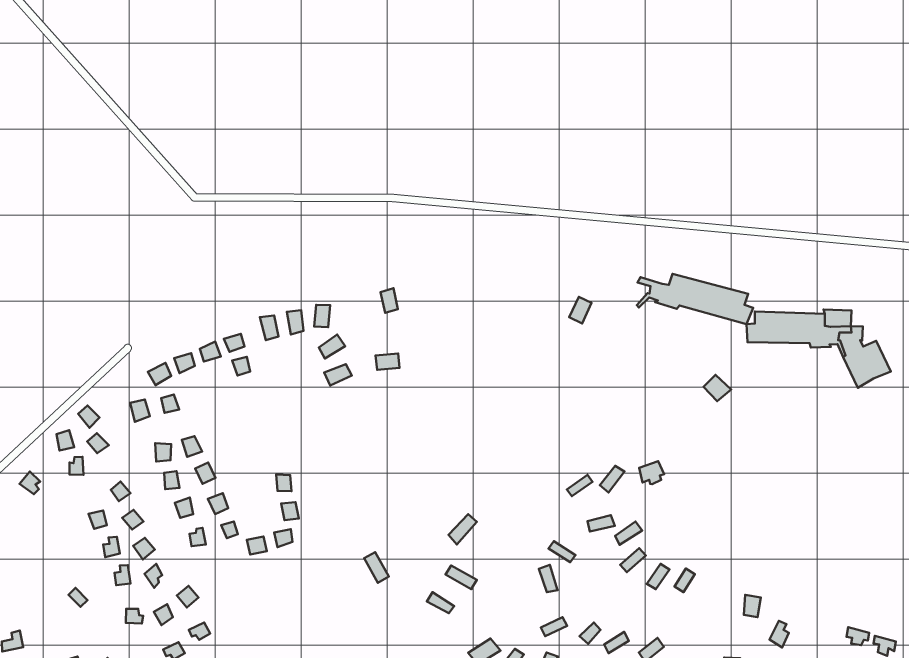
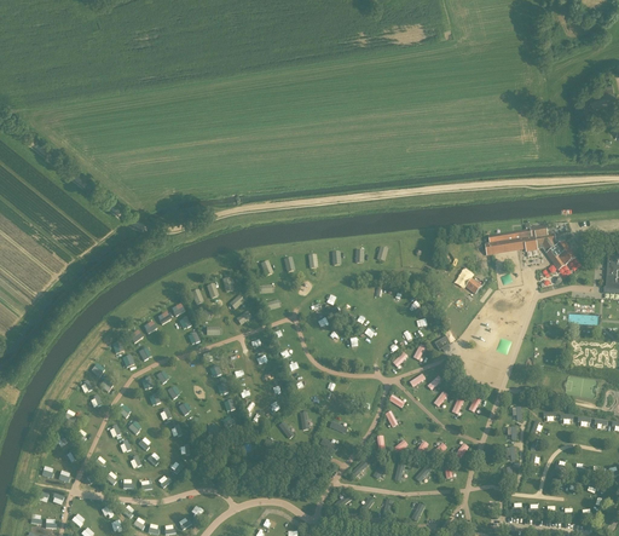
building: [637,274,753,324] -> none

